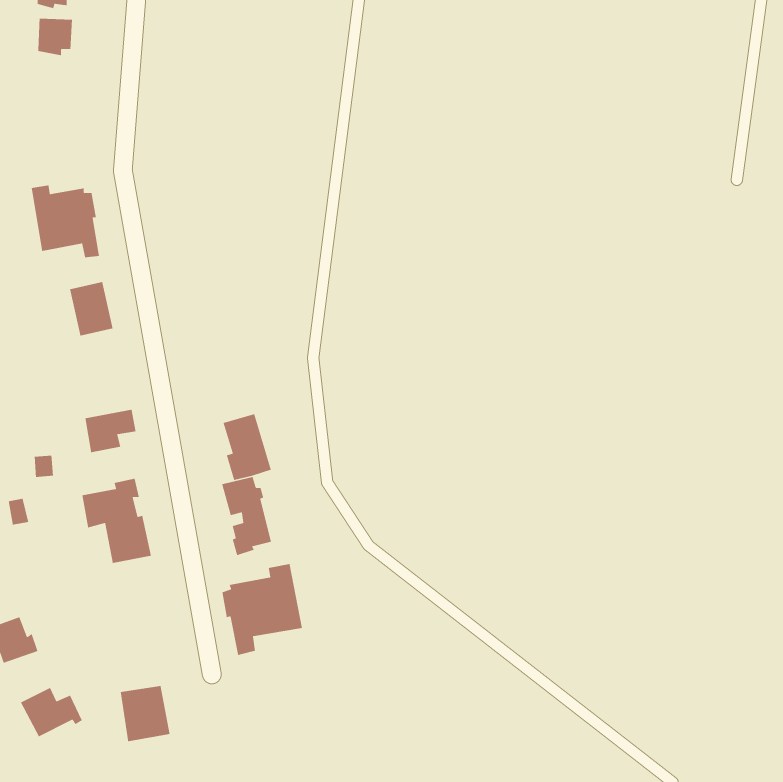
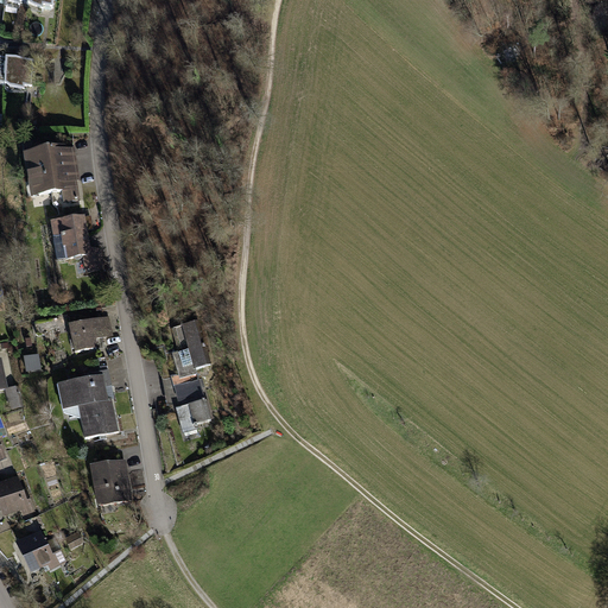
building: [37,18,73,56] -> [5,58,32,88]
building: [221,563,303,656] -> none
building: [120,685,171,742] -> [91,460,131,504]

